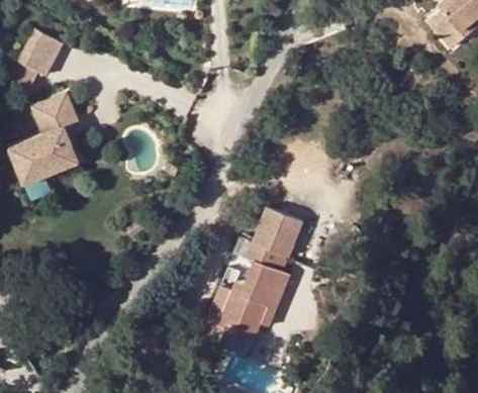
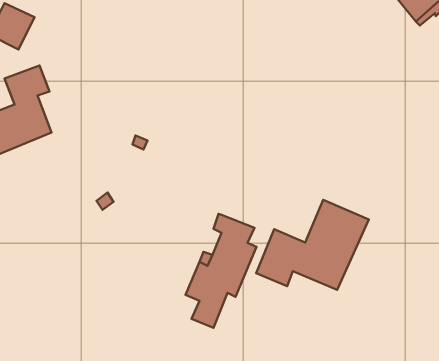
building: [253,206,301,257] -> none
building: none -> [256,200,369,290]

